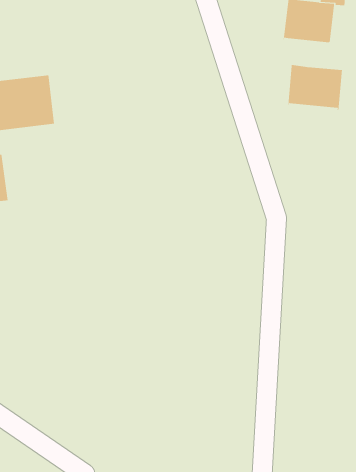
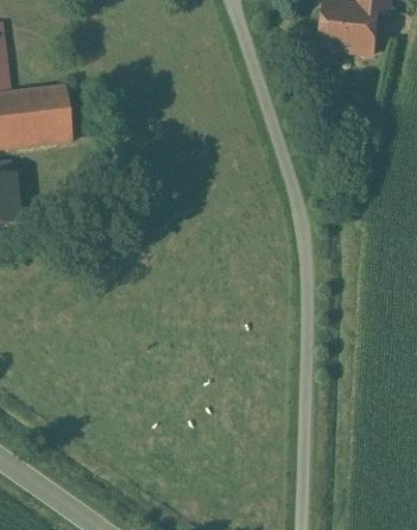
building: [288,64,342,111] -> none

